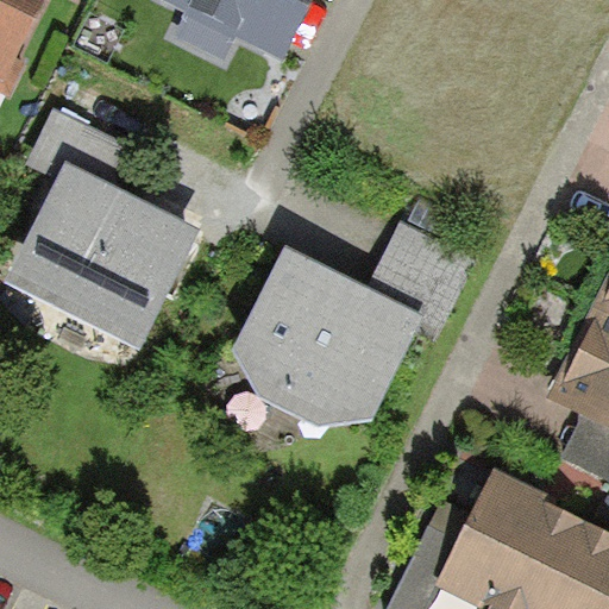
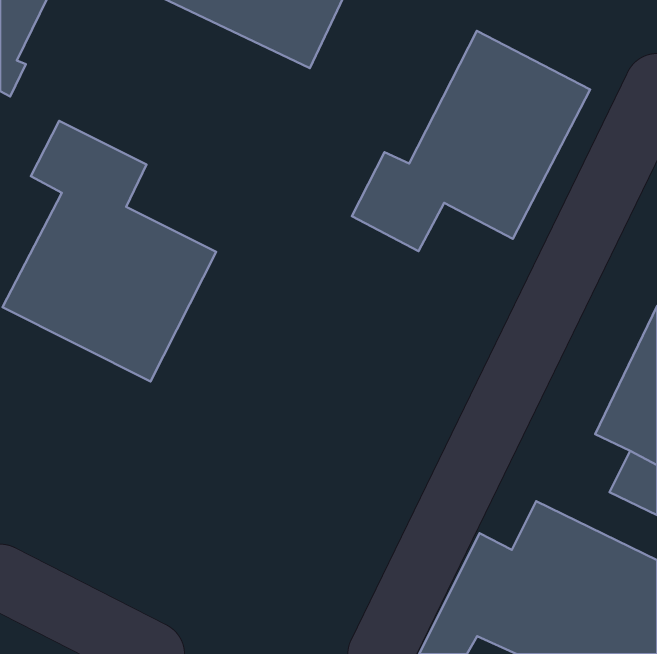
building: none -> [352,31,590,251]
building: [231,221,483,426] -> none

